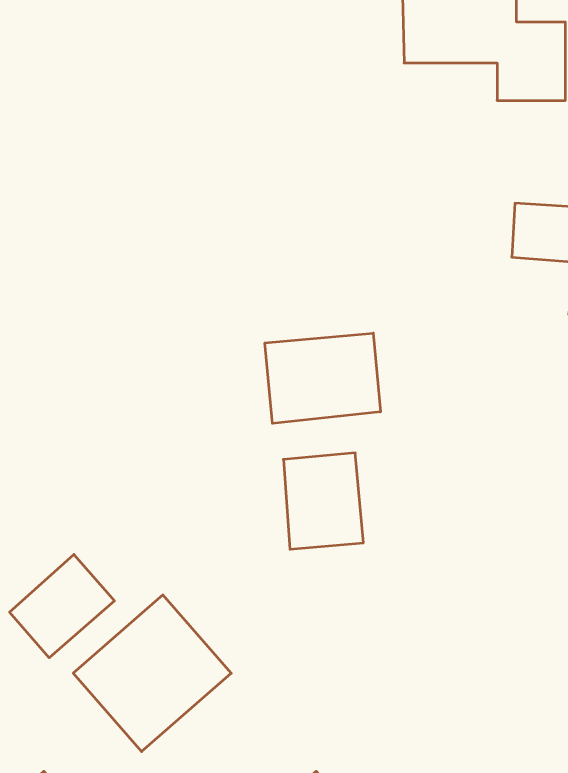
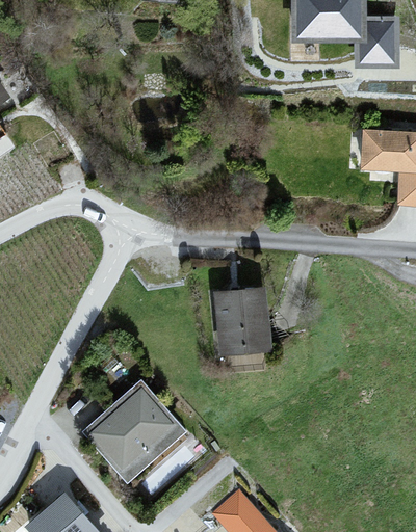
building: [265,333,380,423] -> none
building: [10,554,114,658] -> none

